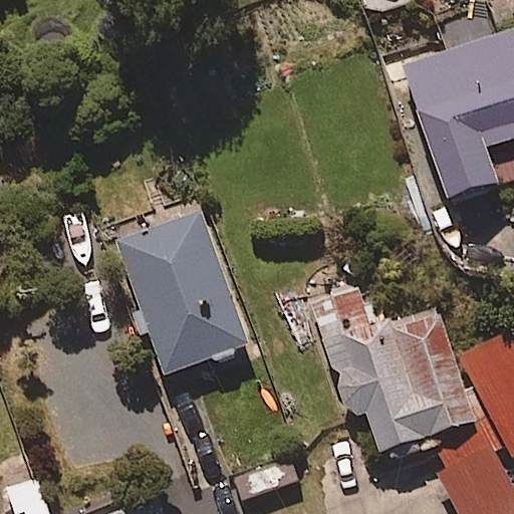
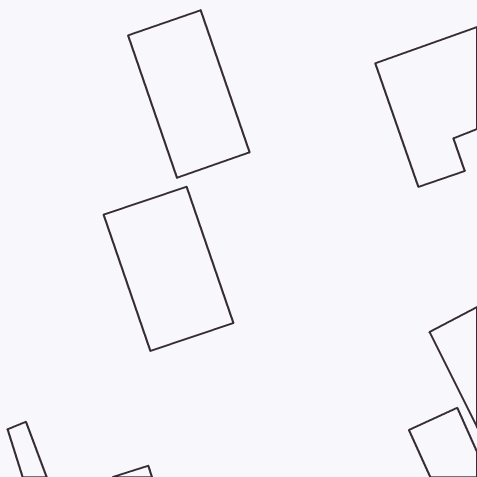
building: none -> [128,10,249,178]
building: [319,288,476,454] -> none

